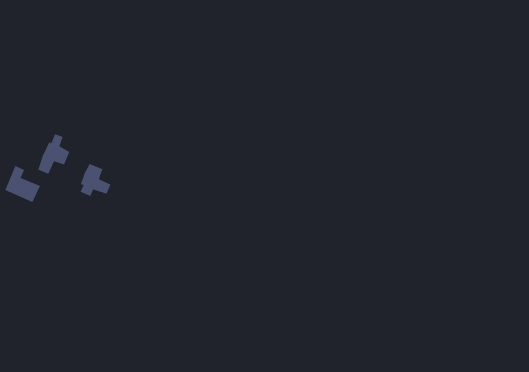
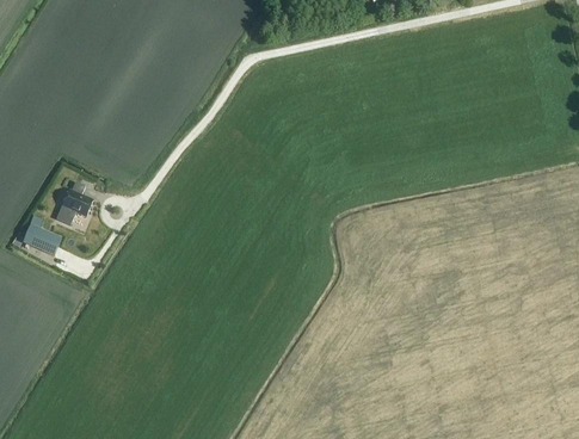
building: [80,163,111,197] -> none

